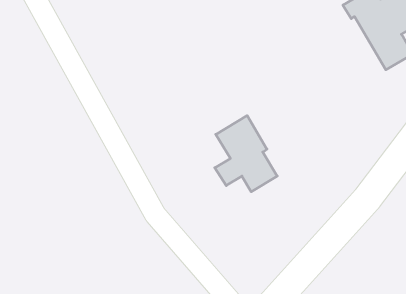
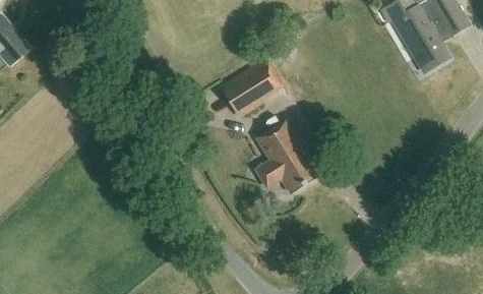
building: none -> [224,59,282,115]

